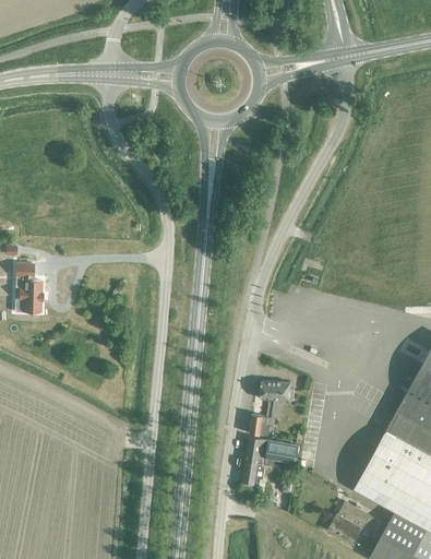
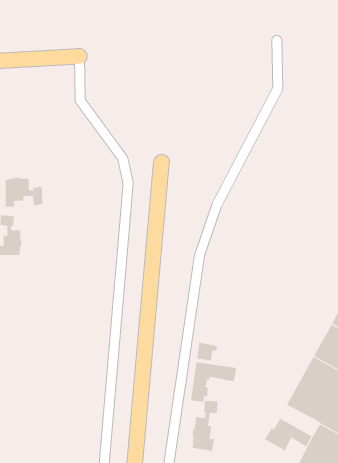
building: none -> [5,177,43,207]
building: [251,382,294,420] -> none
building: none -> [192,400,218,451]

